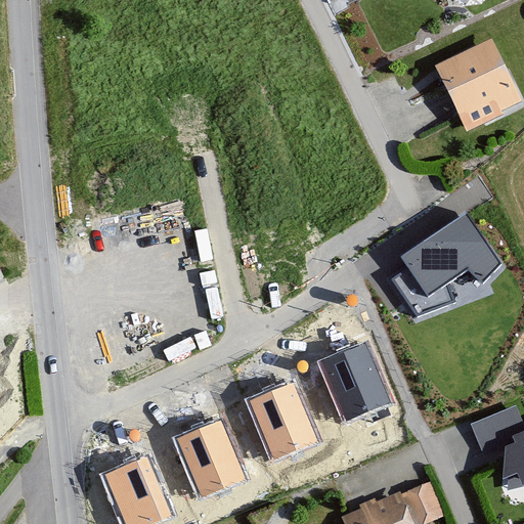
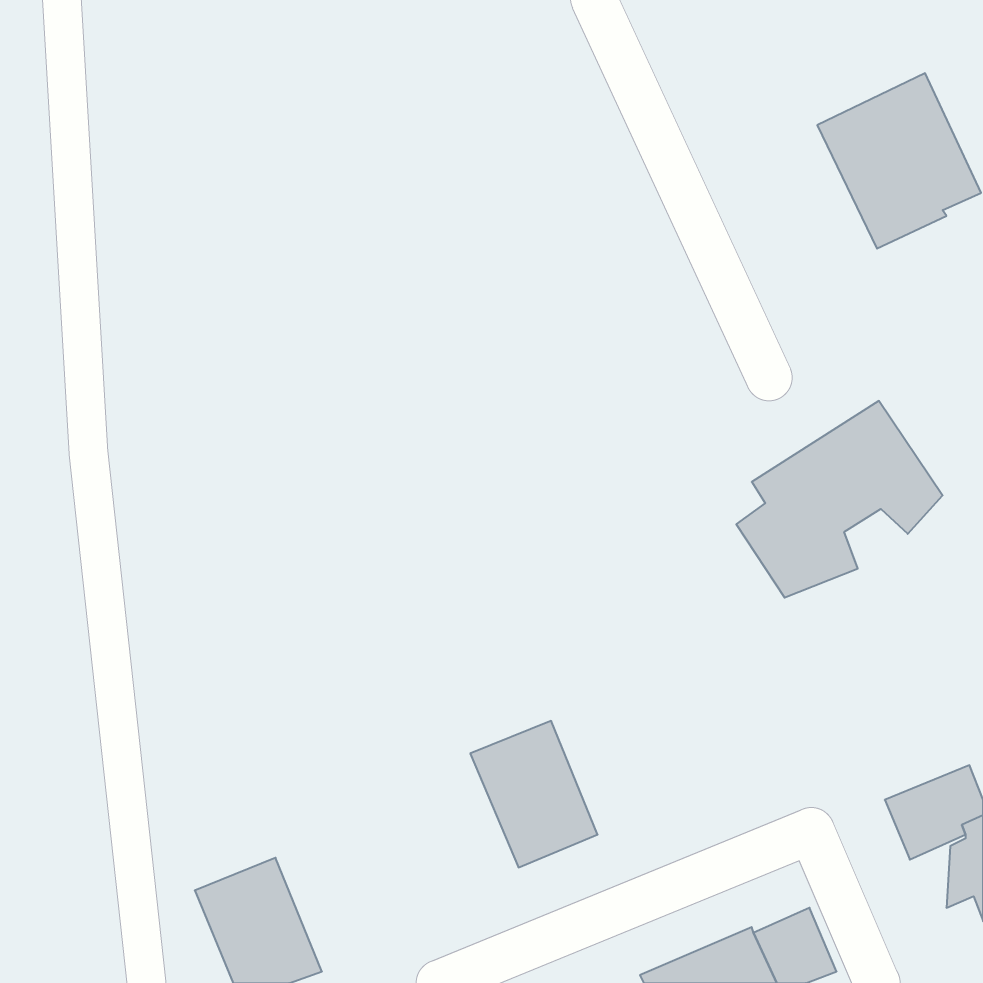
building: [320,343,388,421] -> none
building: [176,420,244,497] -> none

